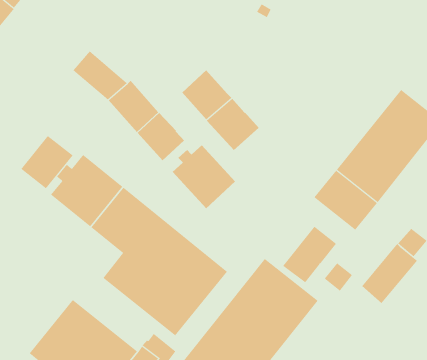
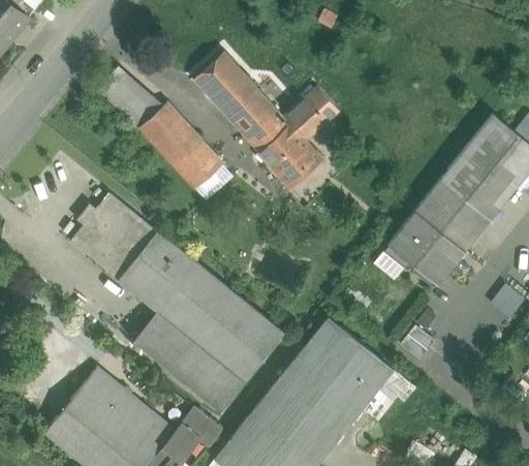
building: none -> [193,53,258,119]
building: none -> [284,89,339,143]
building: [21,135,73,189] -> none
building: [172,144,236,209] -> none
building: [283,226,337,283] -> none
building: [362,243,418,304] -> none

